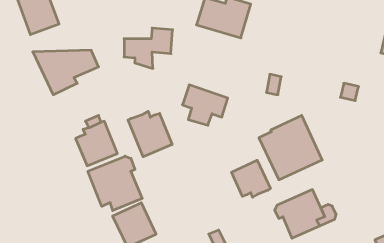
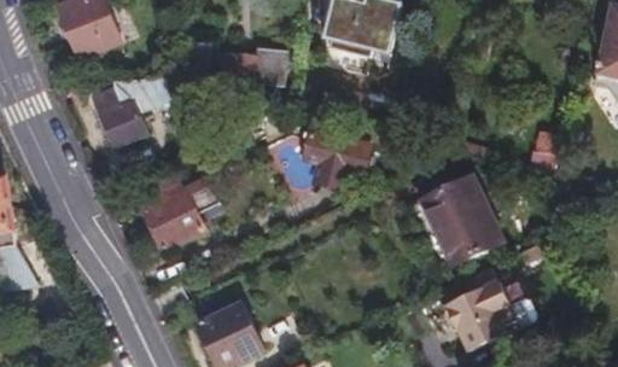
building: [128,111,172,157] -> none
building: [88,156,142,211] -> none
building: [232,160,270,197] -> none

